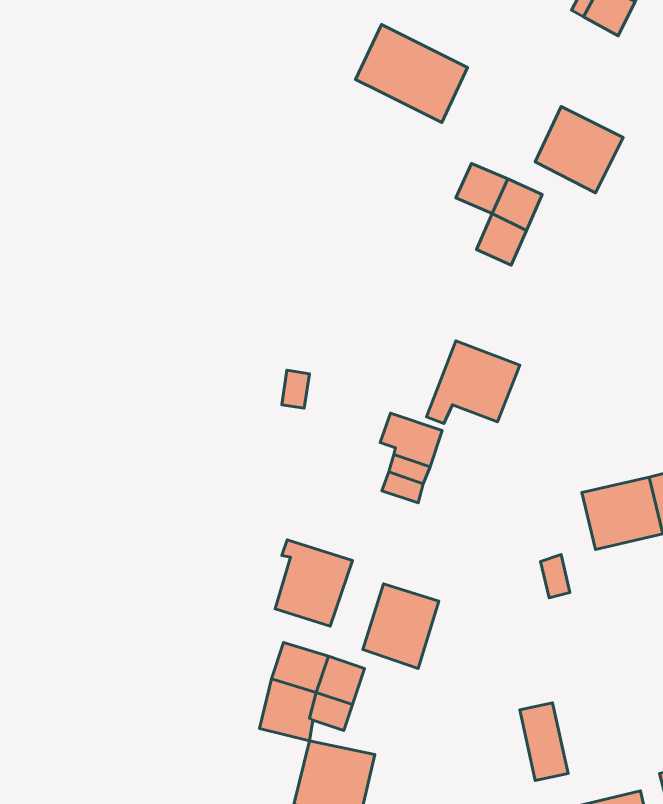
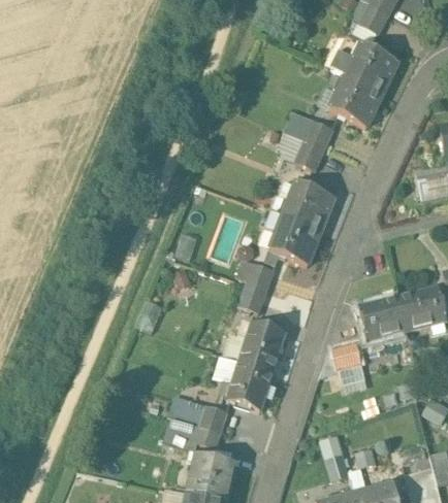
building: [356,24,468,123] -> [331,34,398,93]
building: none -> [283,180,334,229]
building: [275,540,353,626] -> [239,318,286,370]
building: none -> [339,340,365,383]

